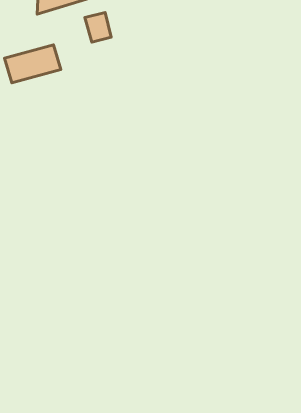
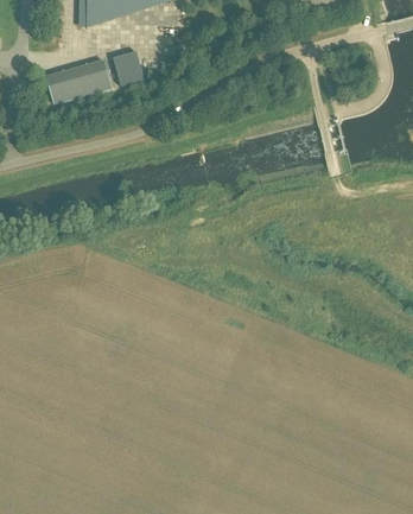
building: [85,12,111,42] -> [112,52,142,87]

